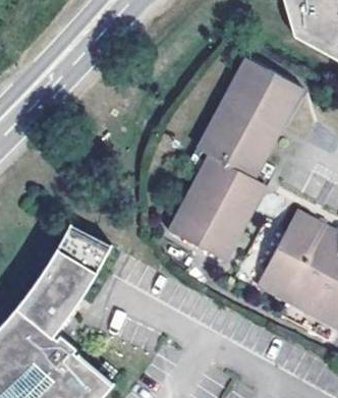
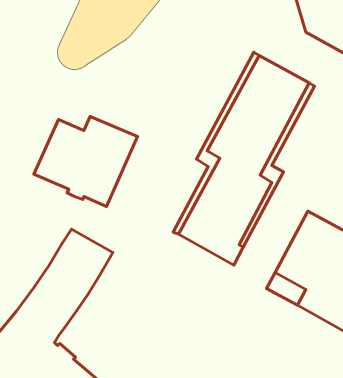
building: none -> [34,116,137,206]

